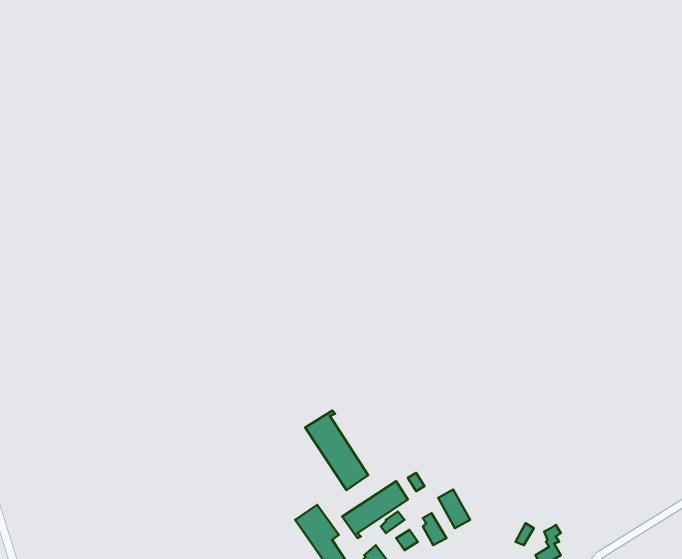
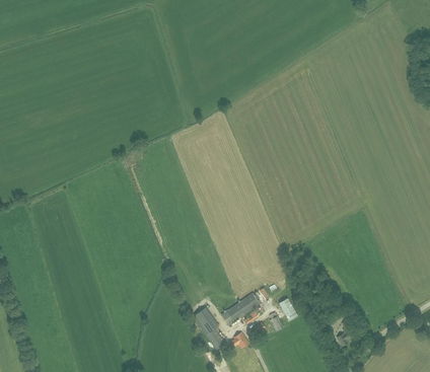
building: [305,410,368,490] -> none

